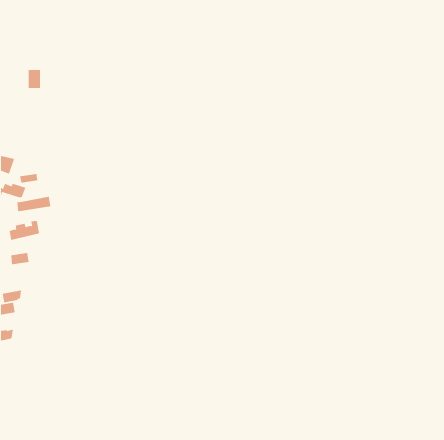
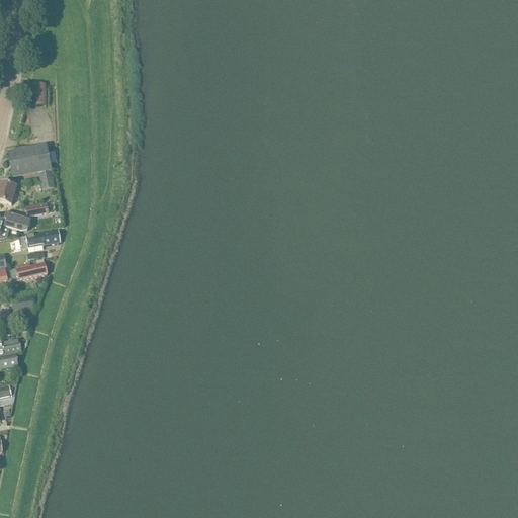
building: none -> [8,143,54,187]

